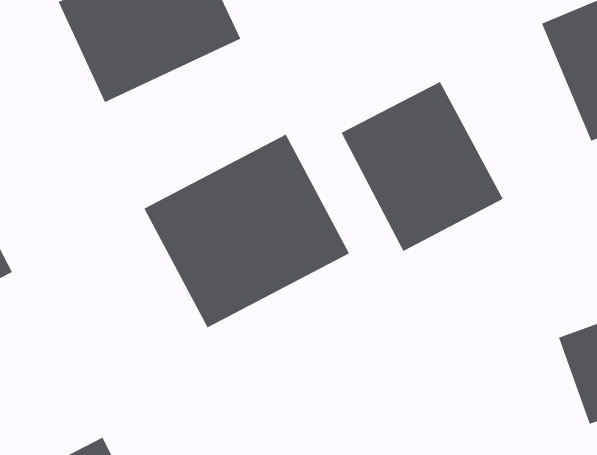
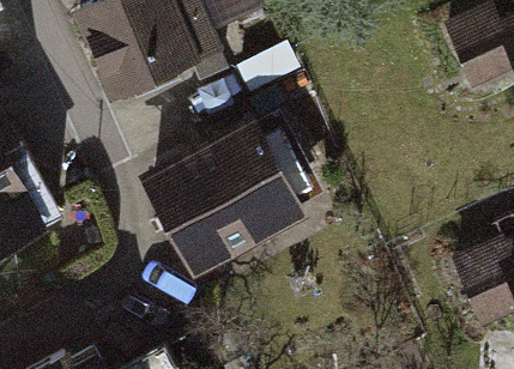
building: [341,81,503,252] -> none

